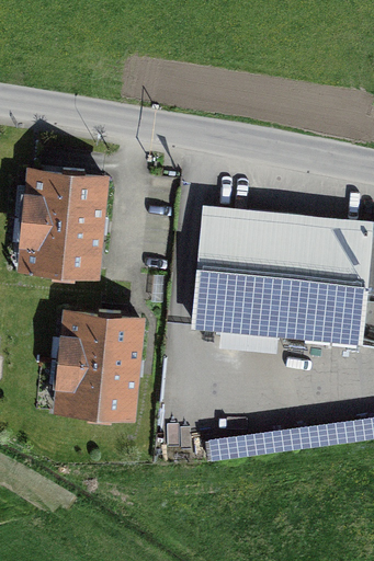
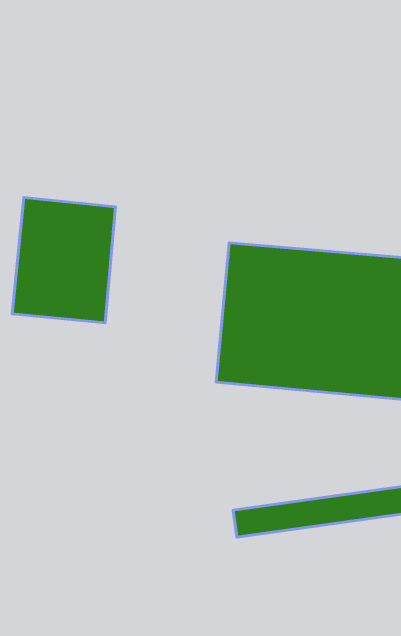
building: [55,310,145,420] -> none

